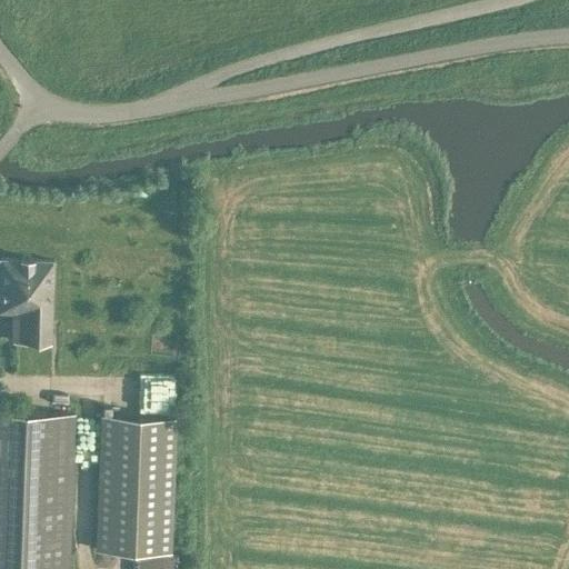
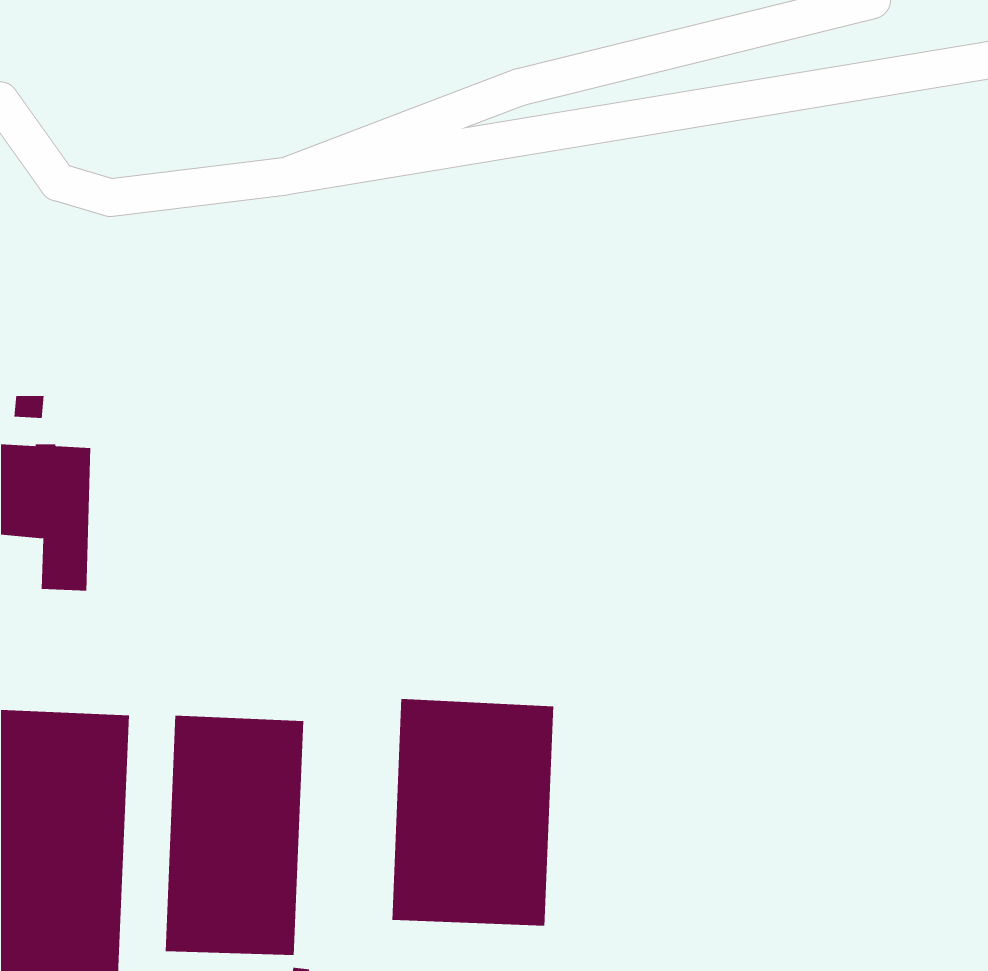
building: none -> [392,698,554,926]

